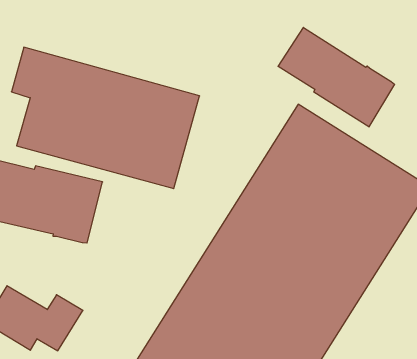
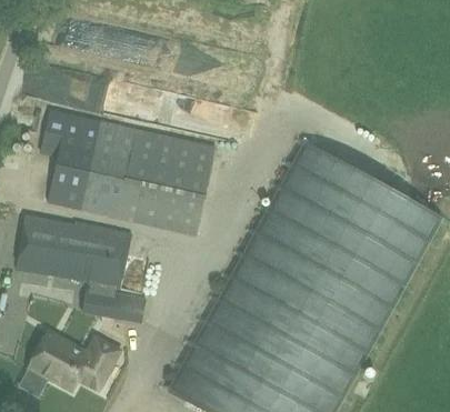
building: [278,27,395,127] -> none
building: none -> [81,282,146,322]

